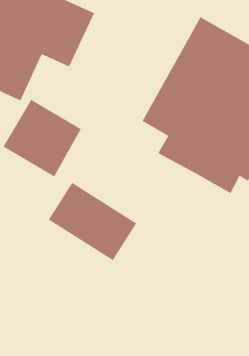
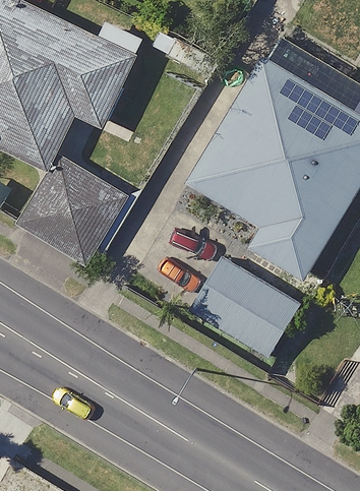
building: [48,182,137,261] -> [188,253,298,351]

